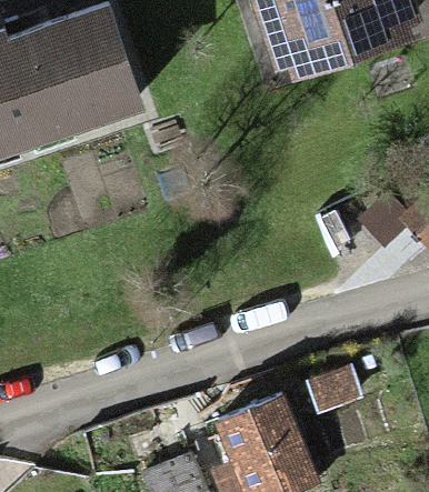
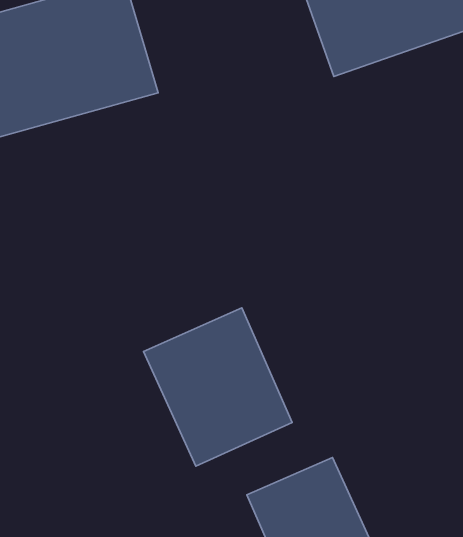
building: none -> [143,308,292,466]

